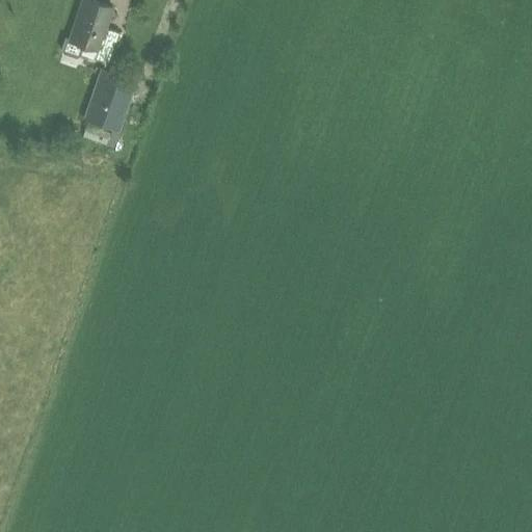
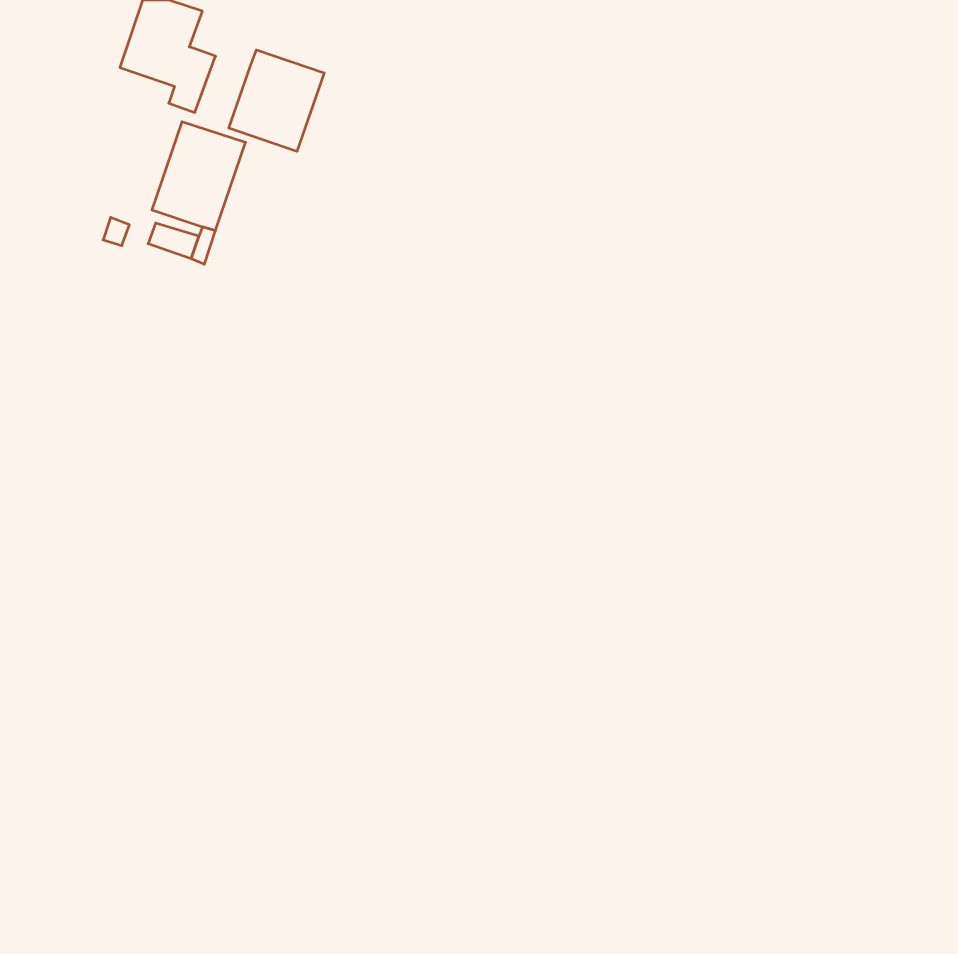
building: none -> [229,50,324,151]

